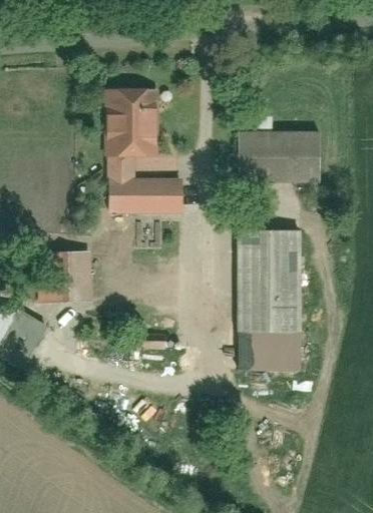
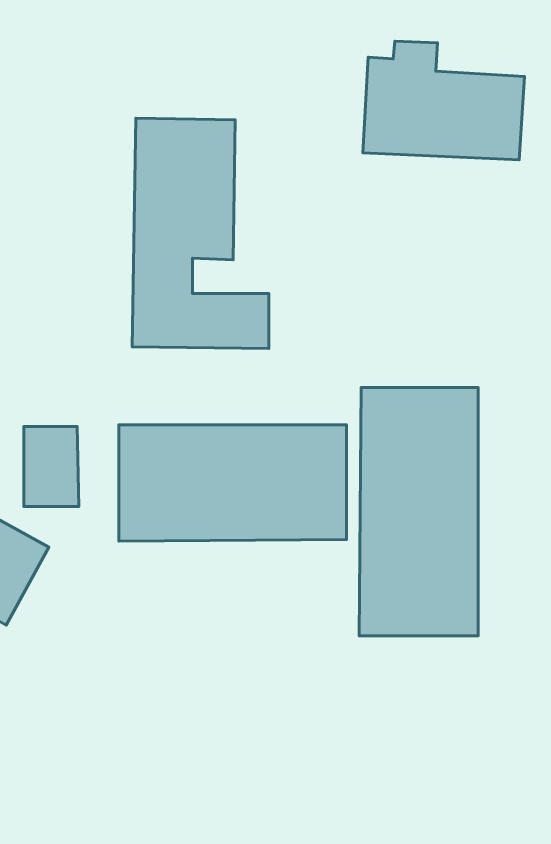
building: [232,117,323,184] -> [363,41,524,160]
building: none -> [119,425,347,541]

